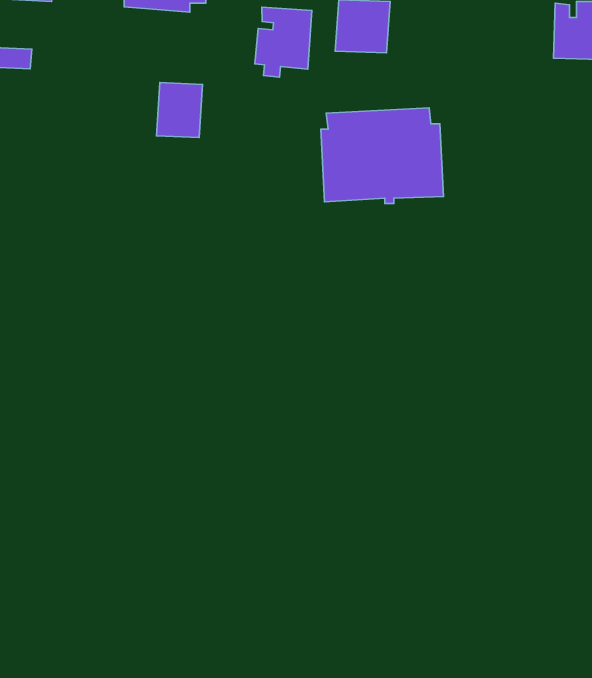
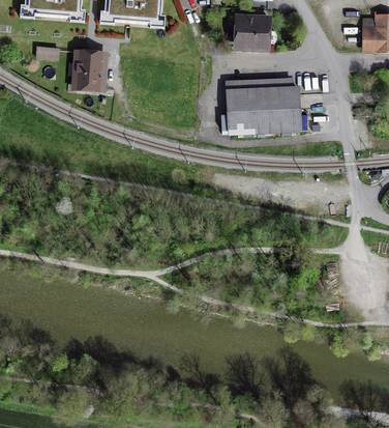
building: [255,7,312,77] -> none
building: [156,83,203,138] -> [76,55,102,87]

